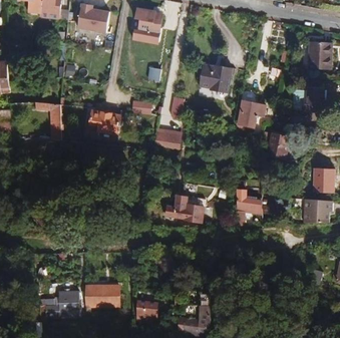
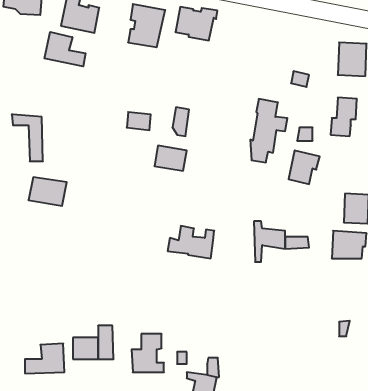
building: none -> [44,32,86,66]
building: [199,64,234,92] -> [175,7,217,40]
building: [88,110,120,134] -> [28,177,67,206]

